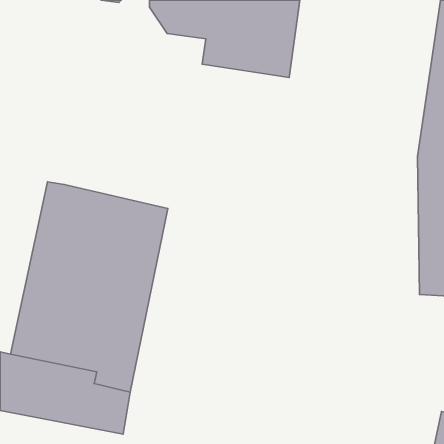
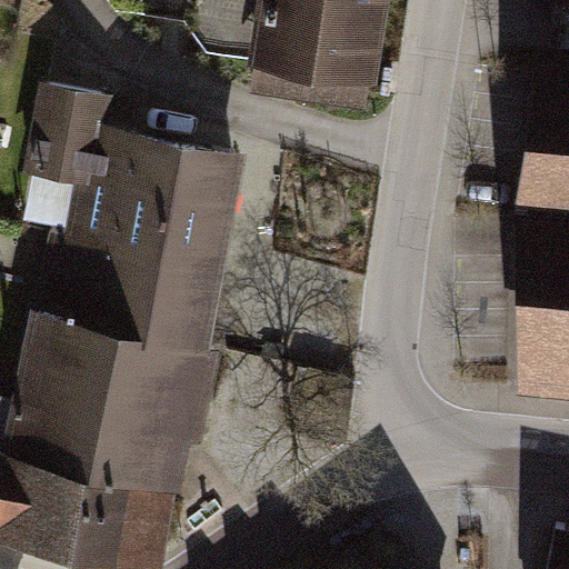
building: none -> [41,88,240,270]

